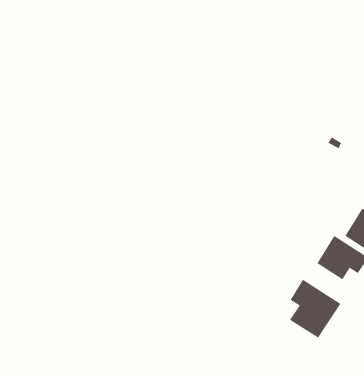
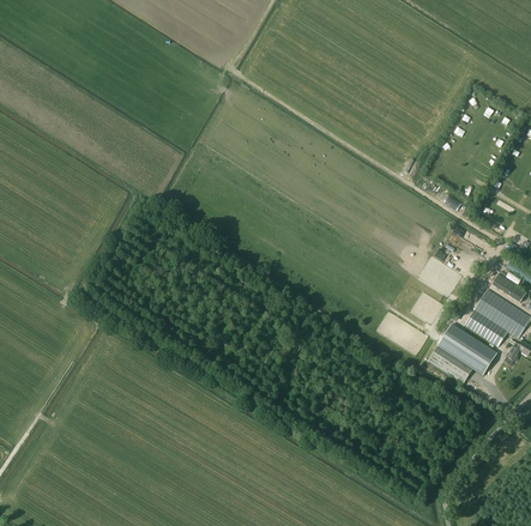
building: [289,279,341,338] -> none

